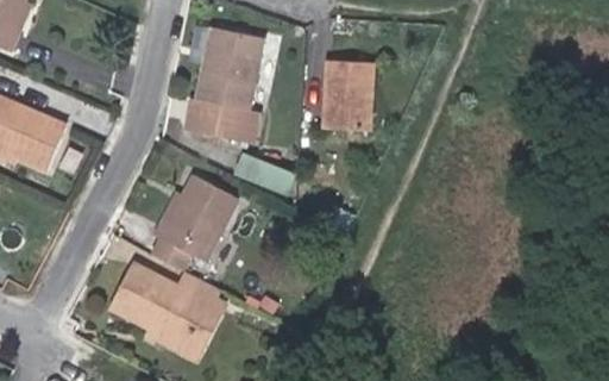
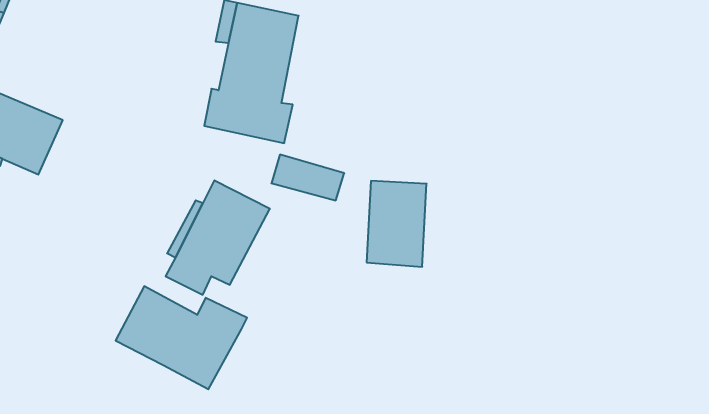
building: [324,61,373,132] -> [367,181,427,267]
building: [146,299,226,361] -> none

